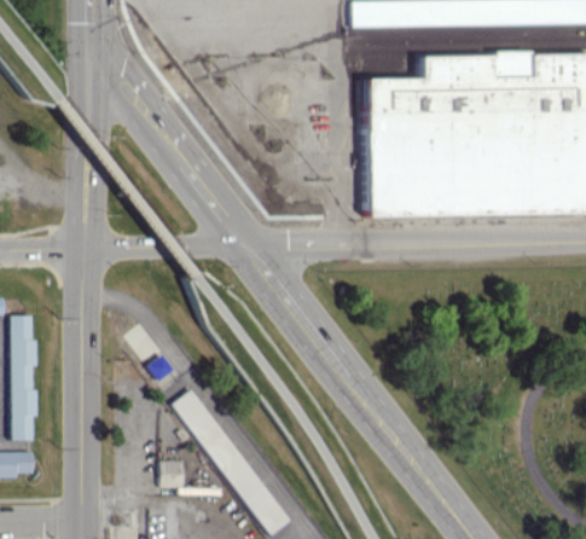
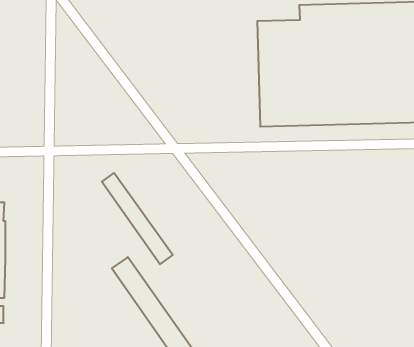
building: none -> [102,173,173,264]
building: [161,460,185,487] -> none

